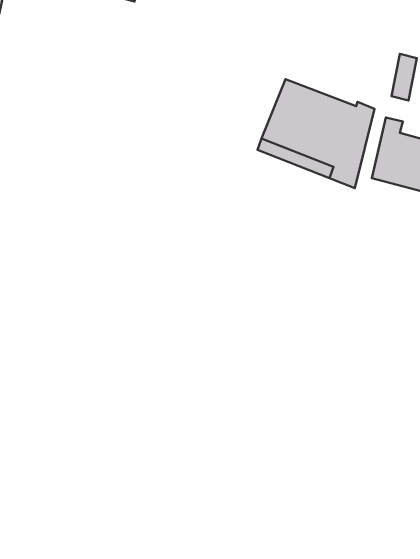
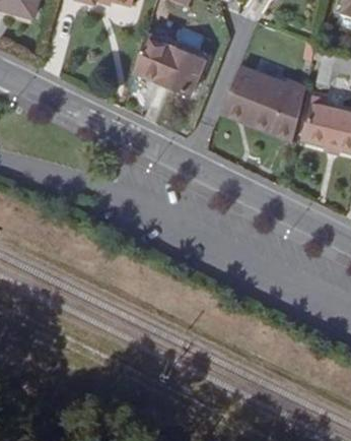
building: none -> [137,36,205,93]

